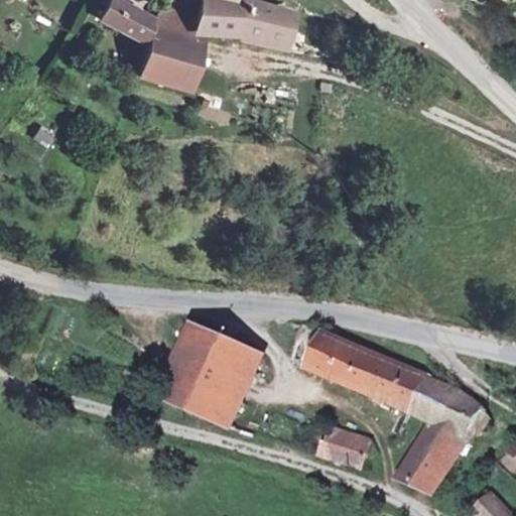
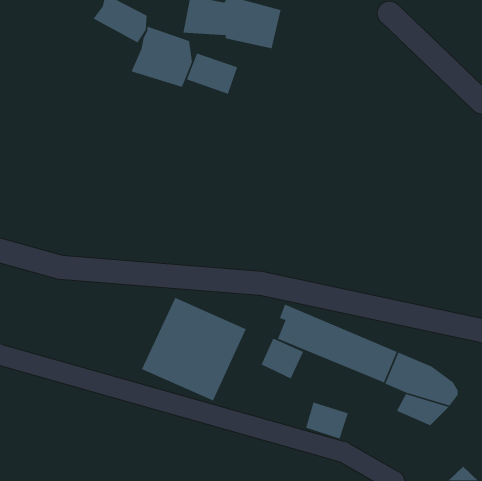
building: none -> [186,53,238,95]
building: none -> [261,337,304,380]
building: [400,438,459,494] -> none

